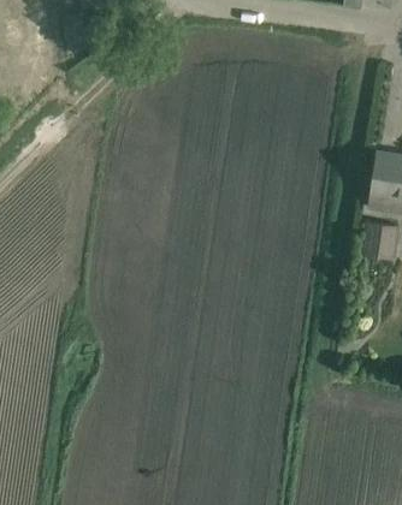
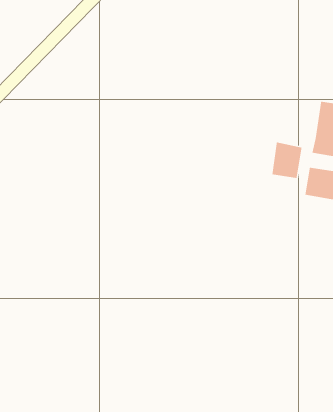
building: none -> [271,142,302,179]

